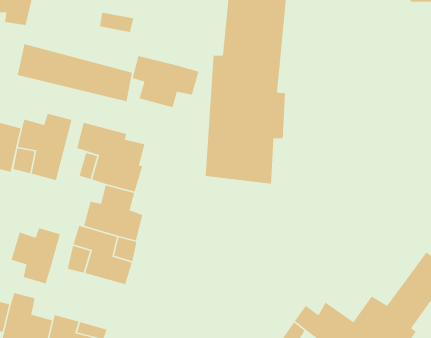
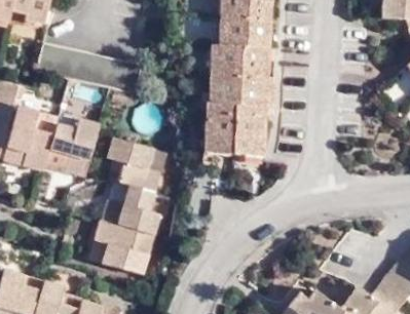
building: [132,55,199,108] -> none
building: [10,227,61,285] -> none

